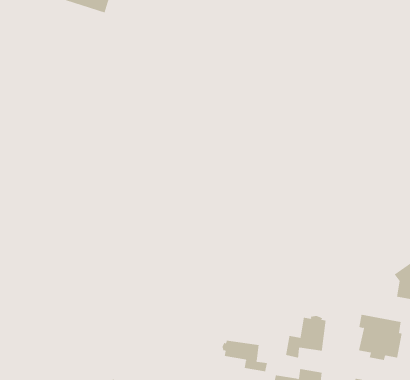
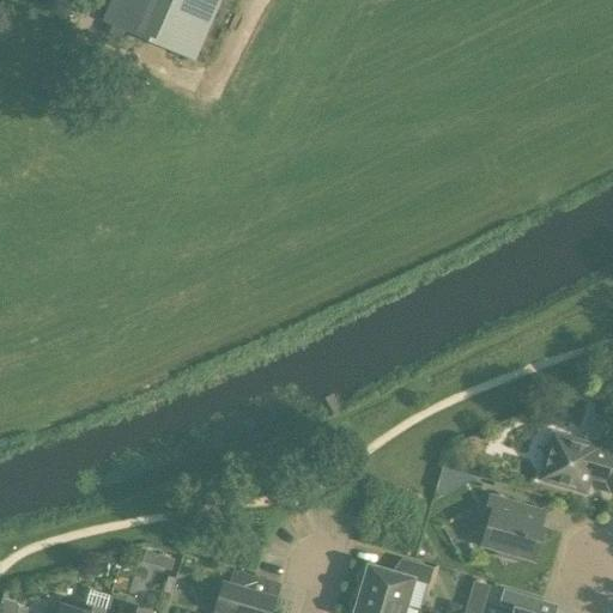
building: [286,315,326,358] -> none
building: [222,340,267,372] -> none

